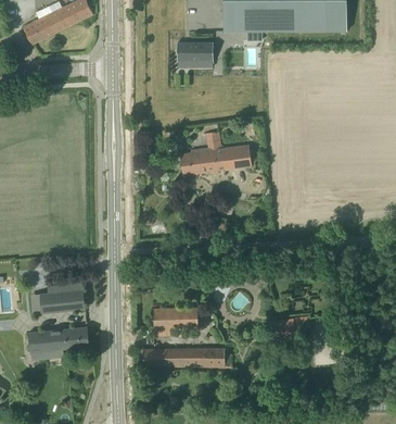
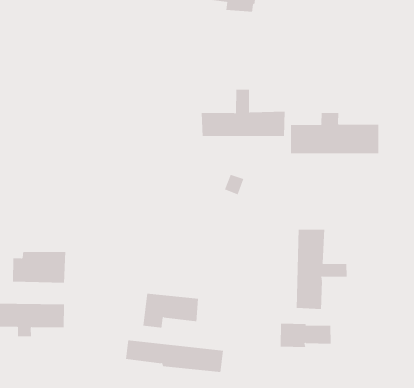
building: none -> [290,112,379,154]
building: none -> [296,229,347,310]

